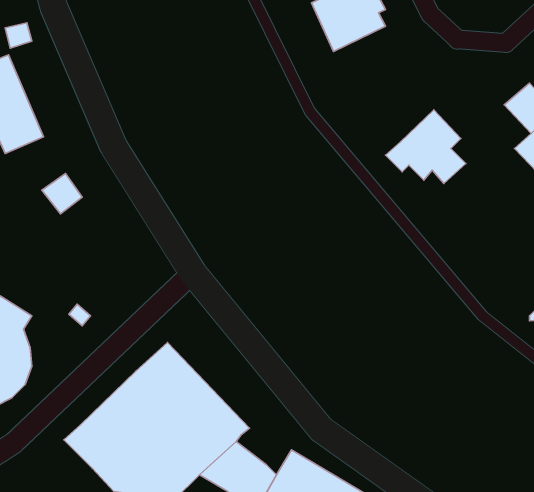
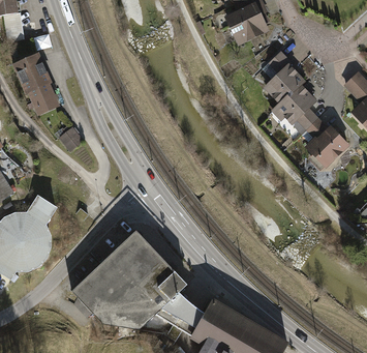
building: none -> [262,54,303,106]
building: none -> [305,119,350,172]

